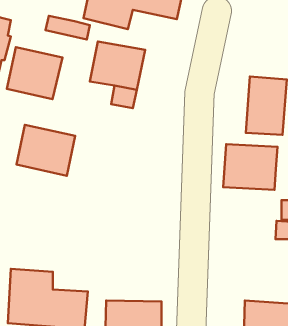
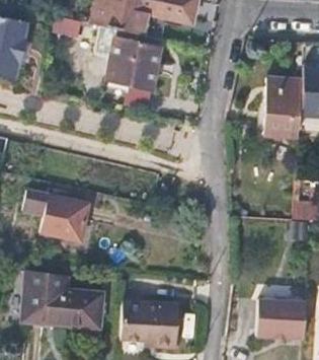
building: [7,47,62,99] -> none
building: [17,125,75,176] -> [31,196,89,246]
building: [223,144,278,190] -> none

